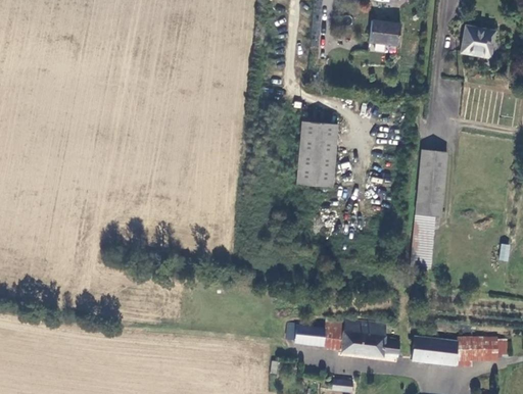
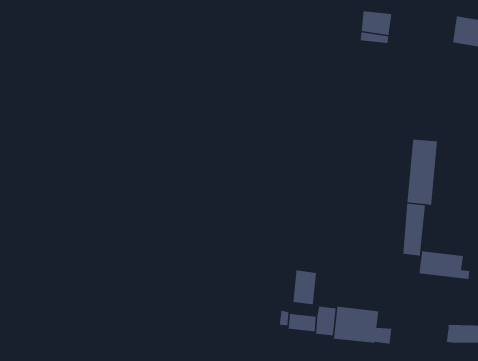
building: [297,121,338,187] -> none
building: none -> [292,269,317,305]
building: [412,336,464,365] -> [418,250,470,280]

